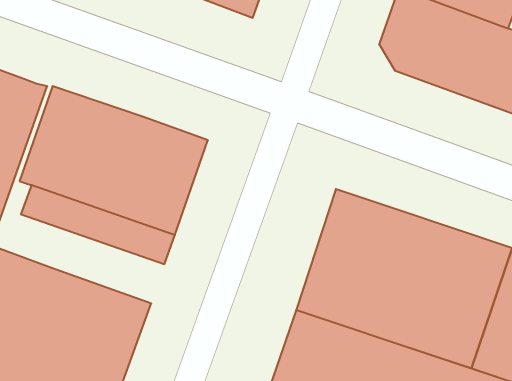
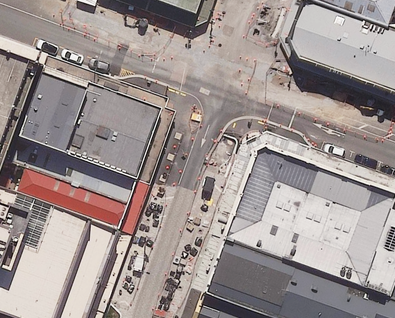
building: none -> [9,166,126,227]

